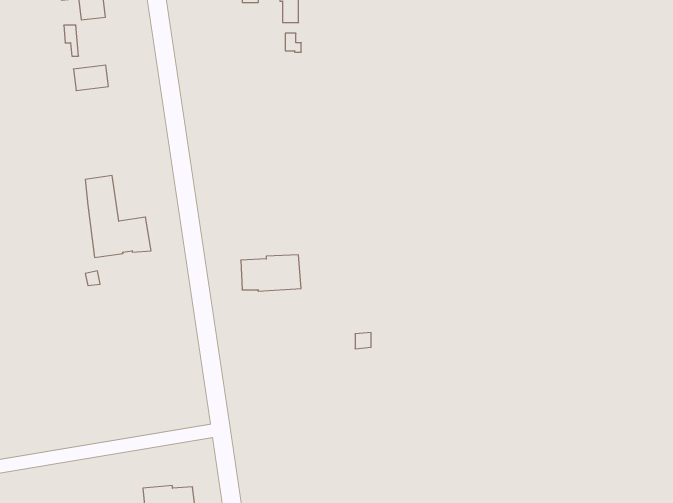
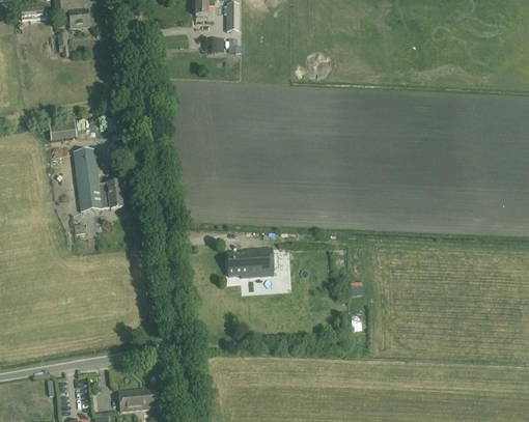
building: [73,65,108,91] -> [49,122,76,142]
building: [241,255,301,291] -> [227,248,274,276]

